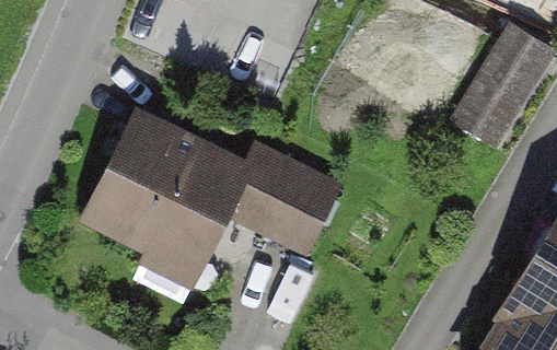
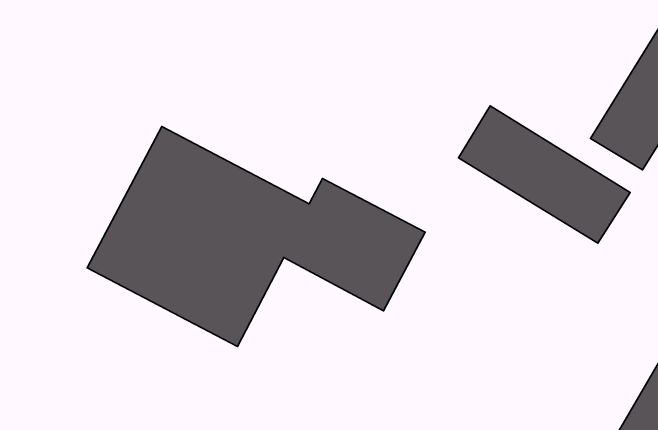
building: none -> [458,106,630,243]

